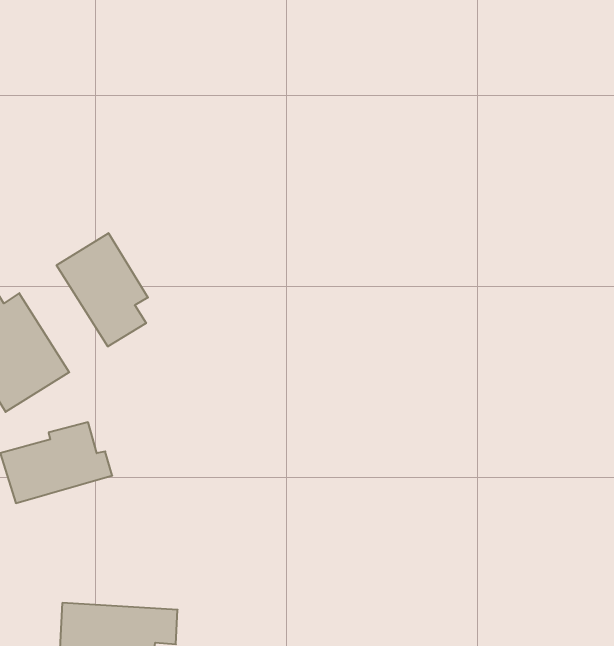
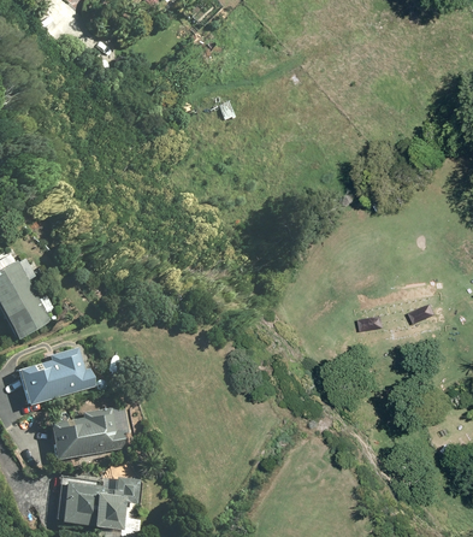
building: [57,233,148,347] -> none
building: none -> [51,414,124,459]

